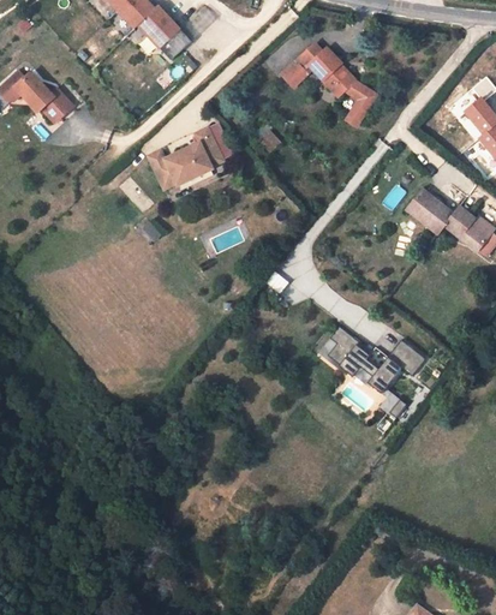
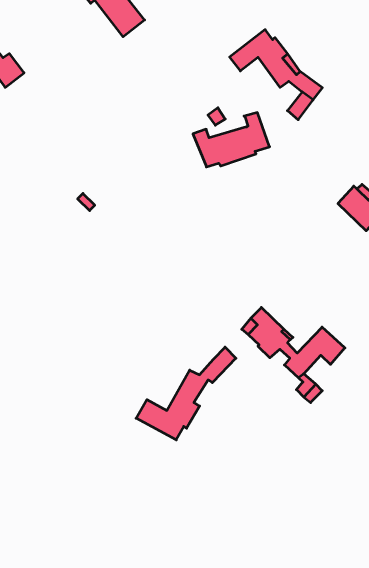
building: [144,124,223,184] -> [193,113,270,167]
building: none -> [136,347,236,440]

